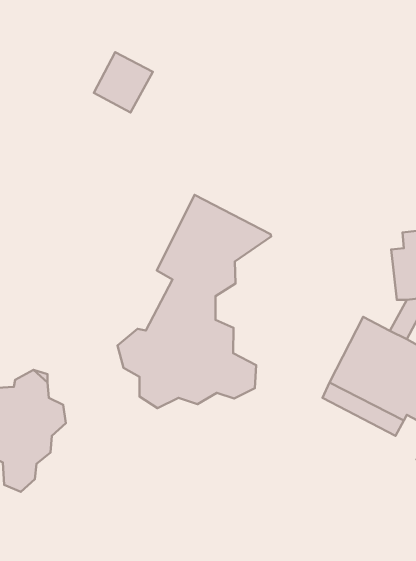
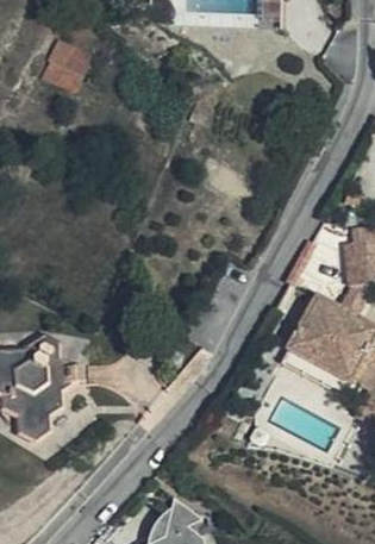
building: [94,52,153,113] -> [37,36,87,87]
building: [118,195,271,408] -> none

